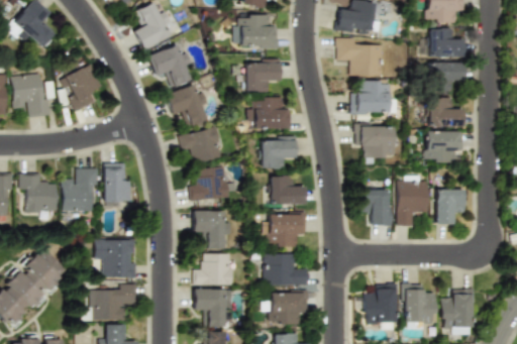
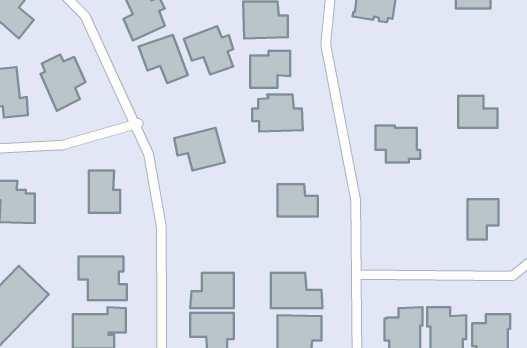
building: [429,29,463,55] -> none
building: [337,38,384,76] -> none
building: [429,62,462,91] -> none
building: [351,80,389,111] -> none
building: [165,84,208,126] -> [184,26,233,74]
building: [426,132,461,162] -> none
building: [261,135,296,168] -> none
building: [190,166,228,200] -> none
building: [62,168,99,212] -> none
building: [398,181,427,224] -> none
building: [359,190,392,224] -> none
building: [193,210,231,248] -> none
building: [265,213,306,246] -> none

